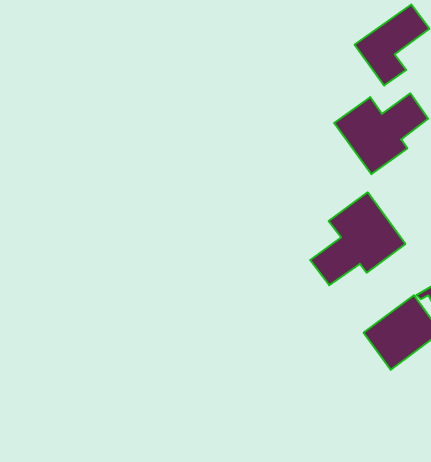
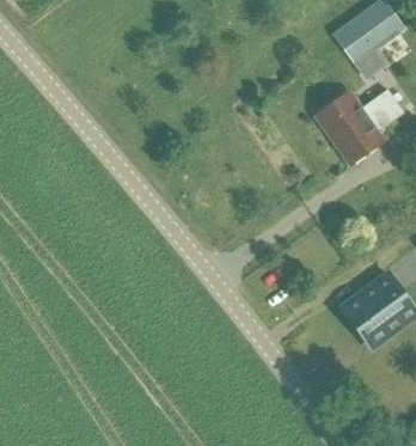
building: [310,192,405,285] -> none

